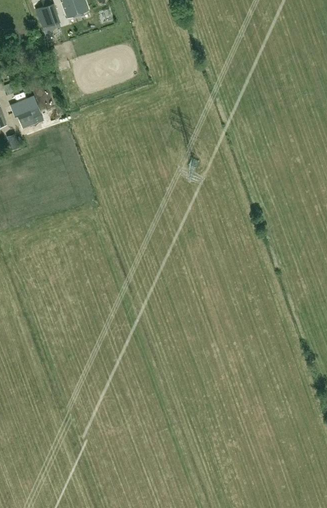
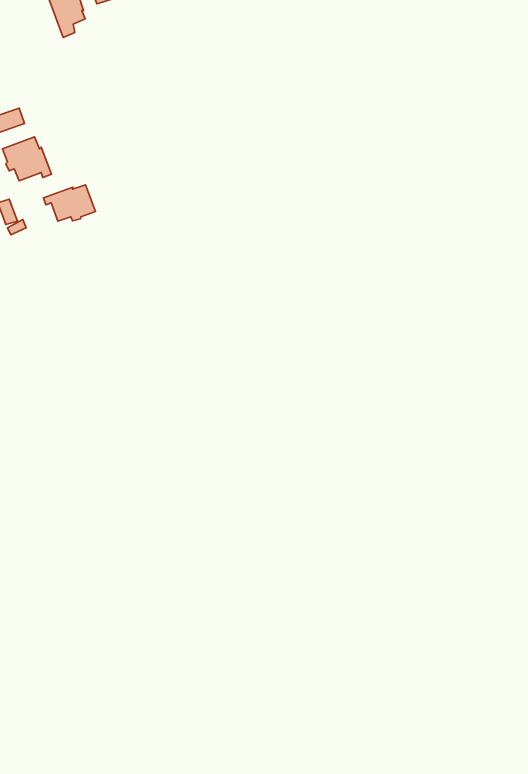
building: none -> [44,185,95,221]

